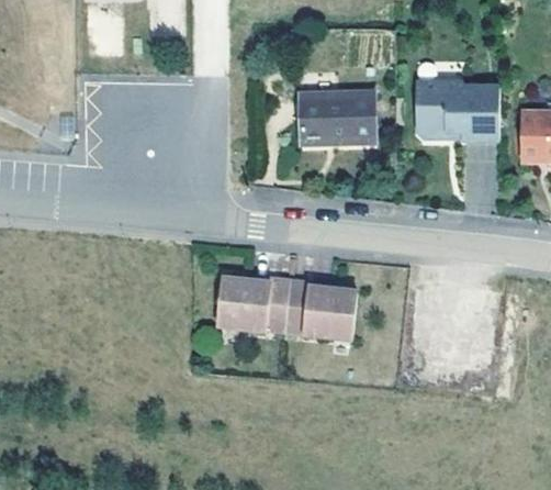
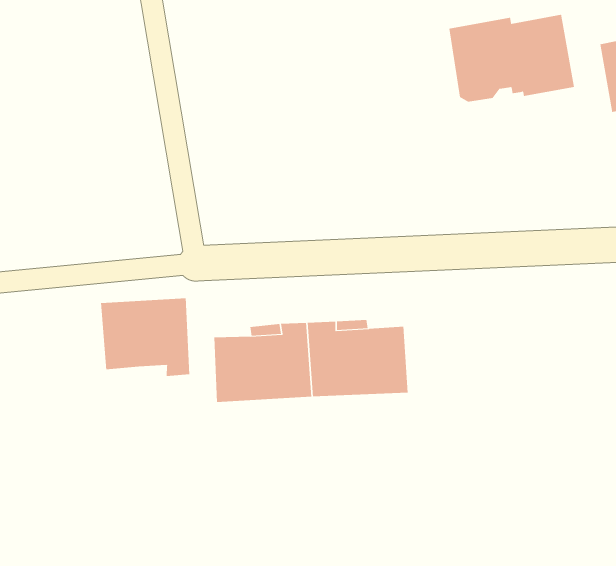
building: [300,91,375,144] -> none
building: none -> [101,298,190,377]

